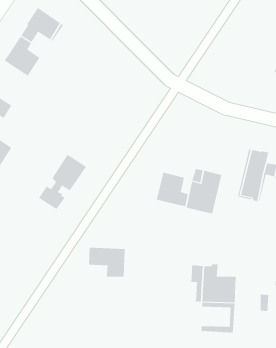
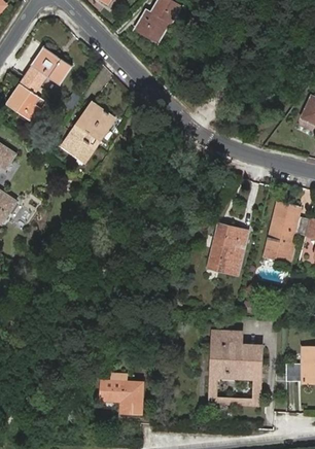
building: [38,154,87,210] -> [63,98,116,160]
building: [156,172,189,207] -> none
building: [88,247,126,277] -> [100,378,141,411]

